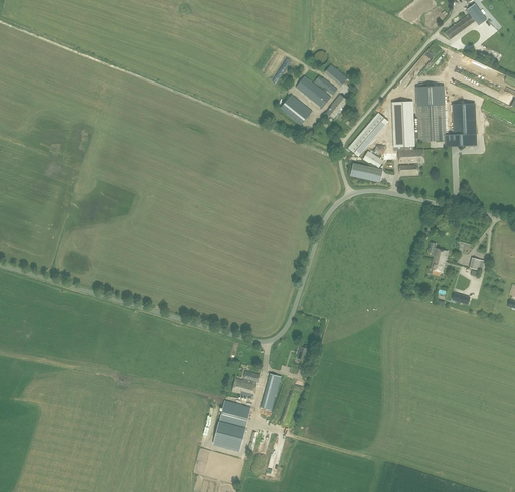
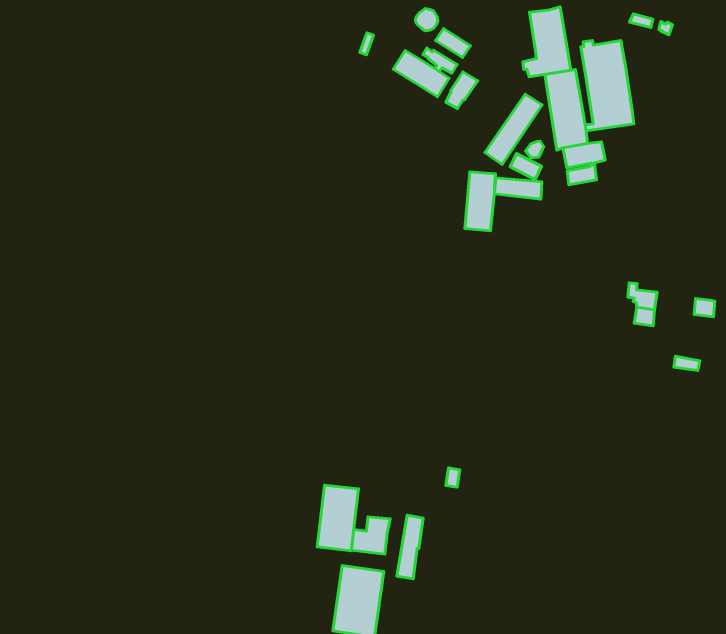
building: [279,94,311,125] -> none
building: [445,103,475,145] -> [523,7,571,77]
building: none -> [465,172,495,231]
building: none -> [317,485,358,551]

